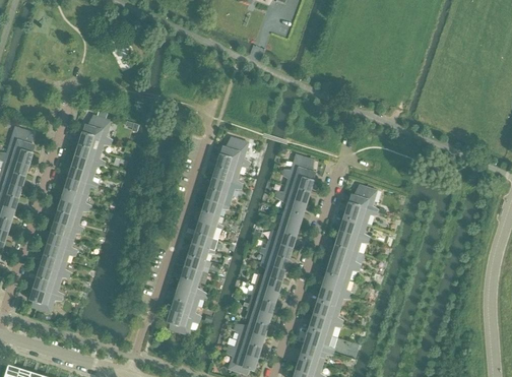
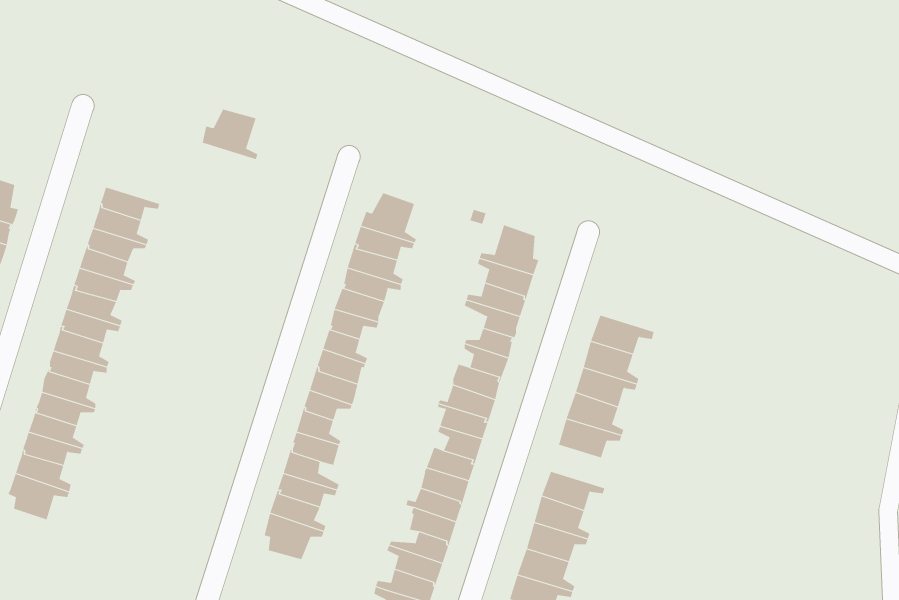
building: [81,115,112,142] -> [202,109,258,160]
building: [347,184,378,211] -> none
building: [321,272,351,296] -> none

